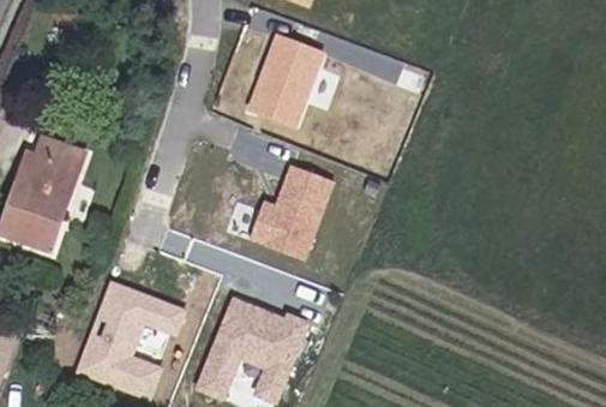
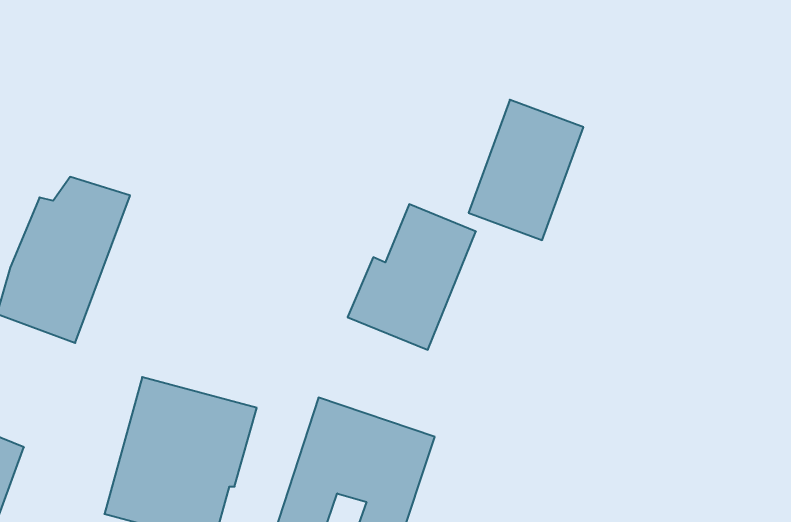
building: [242,29,323,127] -> [469,100,583,240]

